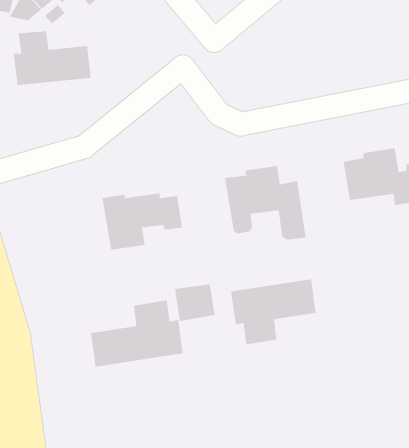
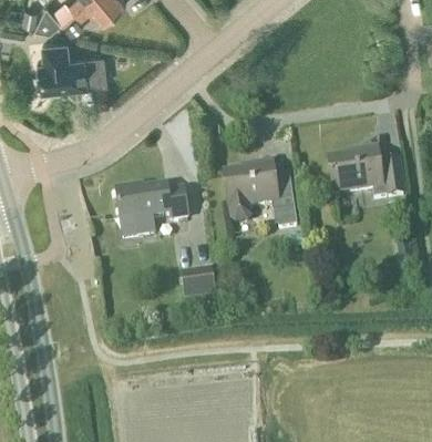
building: [231,278,316,345] -> none
building: [90,300,183,368] -> none

